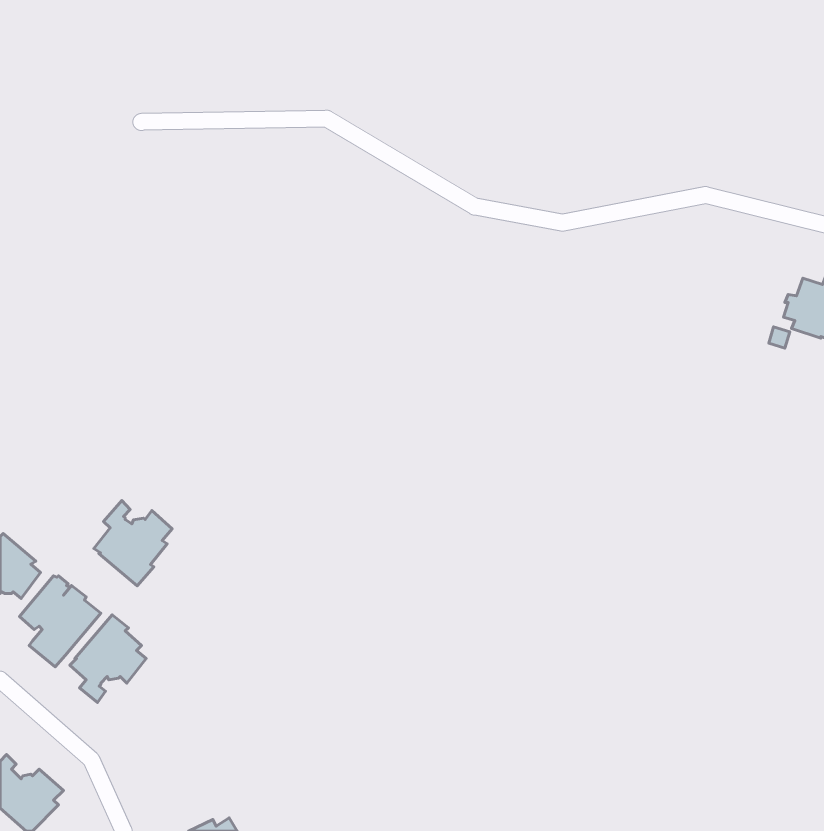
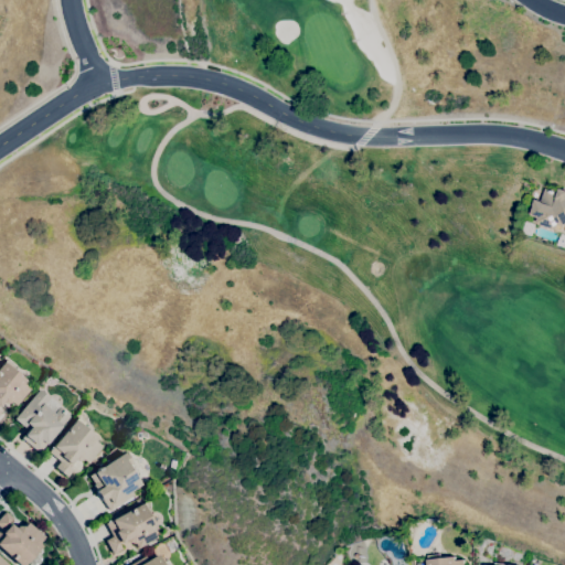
building: [94,500,172,586] -> none
building: none -> [92,452,143,511]
building: none -> [109,503,159,554]

